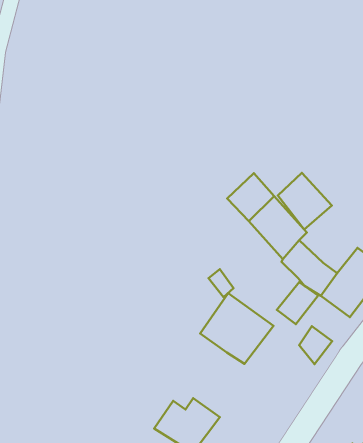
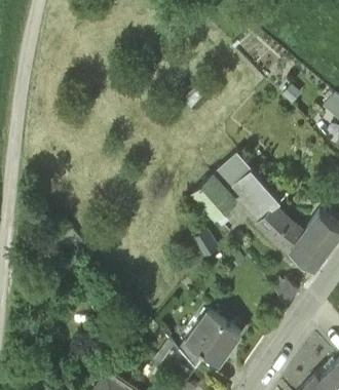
building: [278,173,332,230] -> [194,178,238,224]
building: [277,282,318,324] -> none
building: [200,293,274,364] -> [187,306,247,363]

